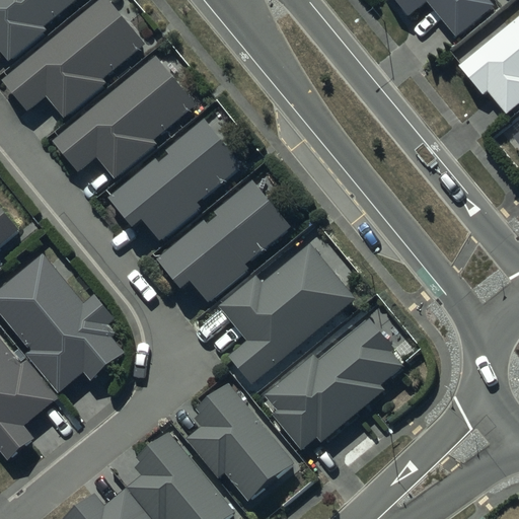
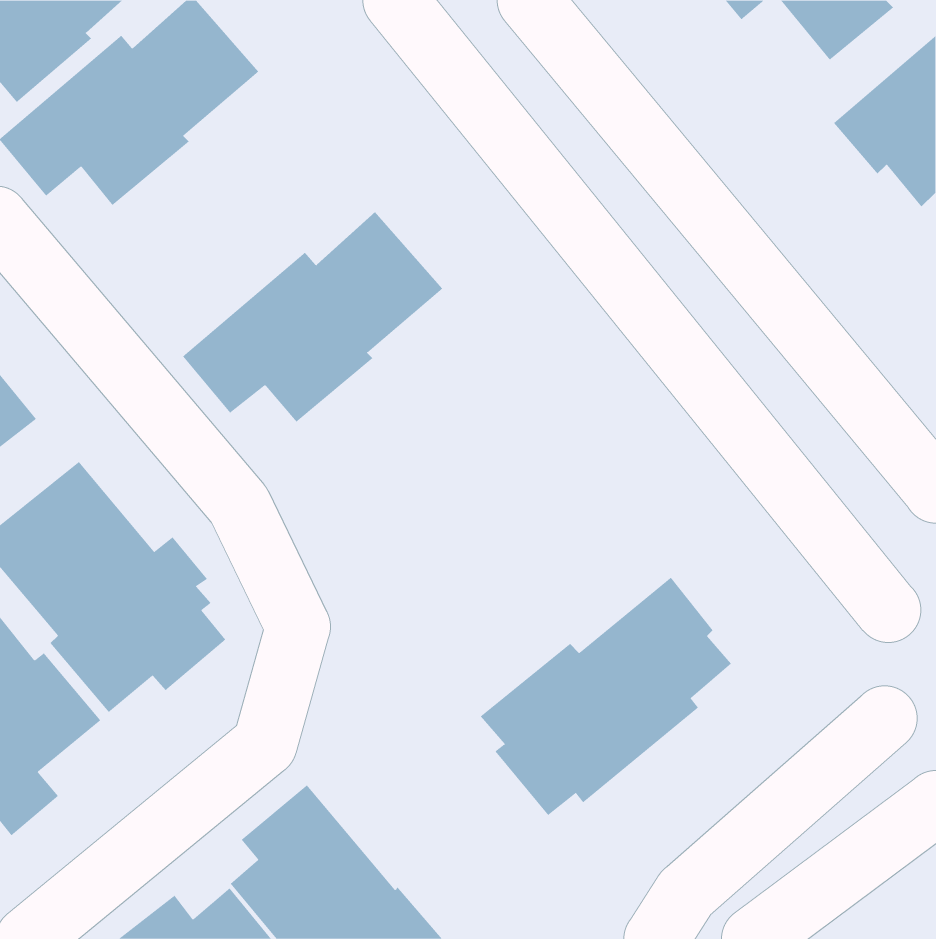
building: [48,59,191,175] -> none
building: [147,177,291,294] -> none
building: [220,243,357,384] -> none
building: [188,383,300,509] -> none

